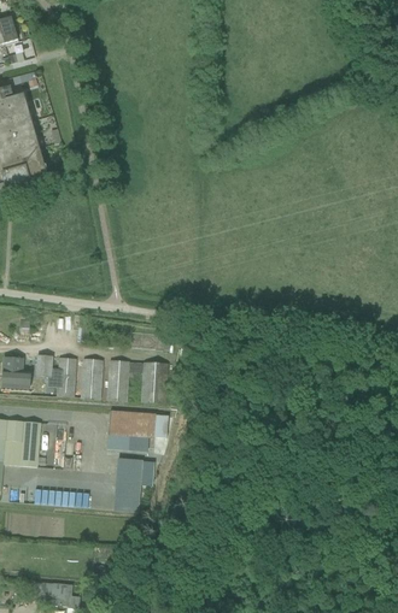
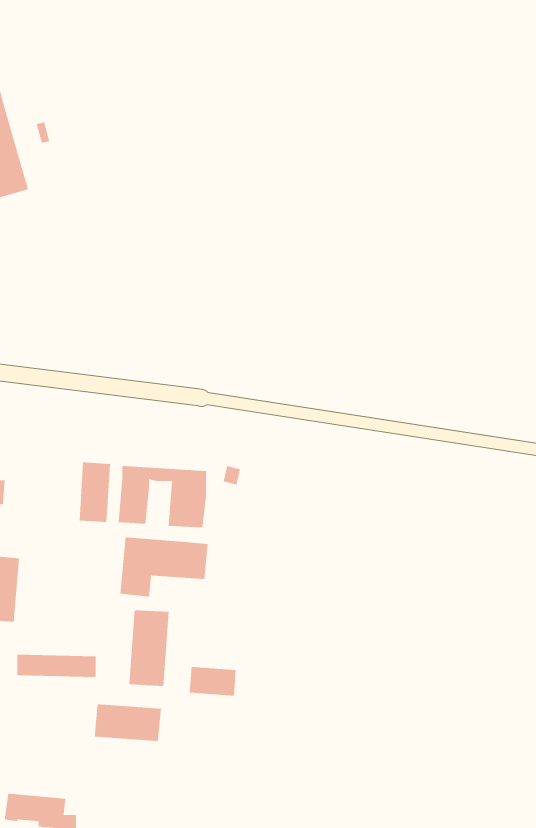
building: [35,355,76,397] -> none
building: none -> [189,666,236,697]
building: none -> [94,703,161,742]

